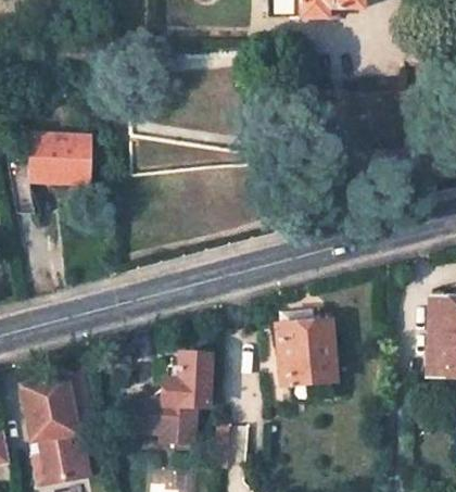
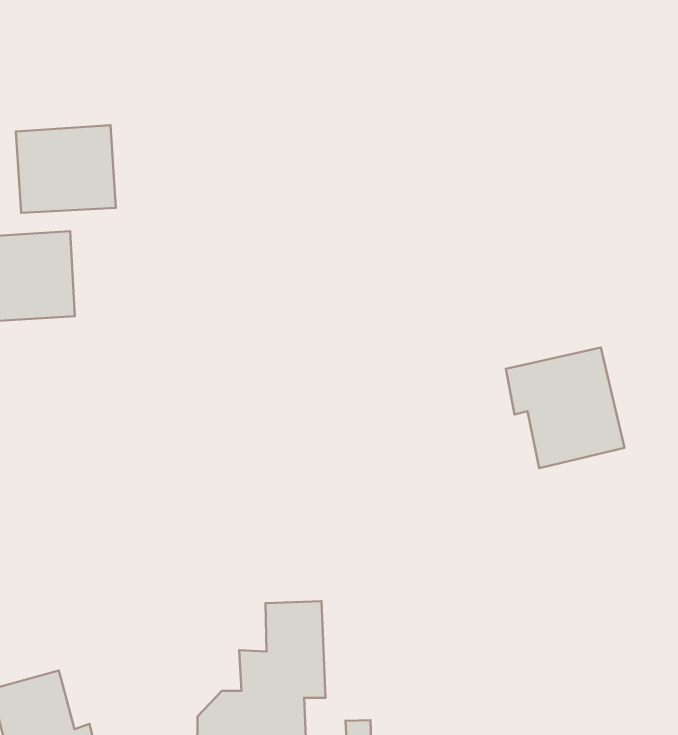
building: none -> [16,125,116,213]
building: [279,321,341,386] -> [506,348,625,468]

